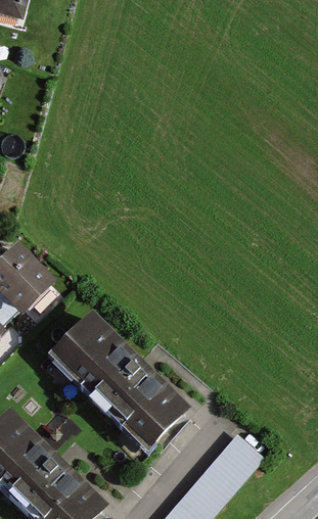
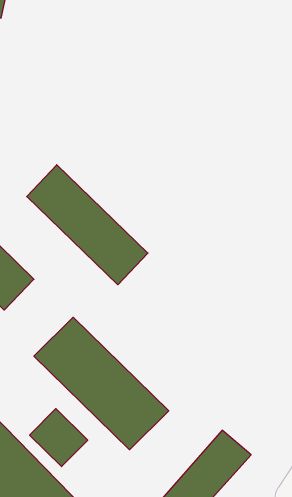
building: none -> [27,165,148,285]
building: none -> [30,409,88,467]

